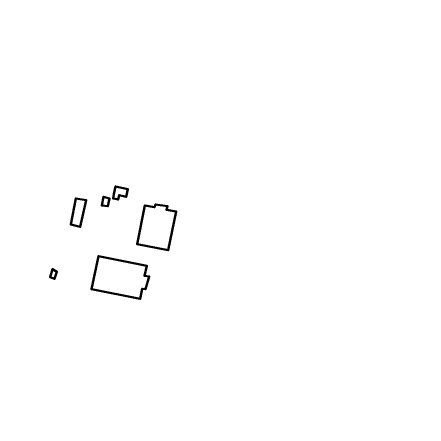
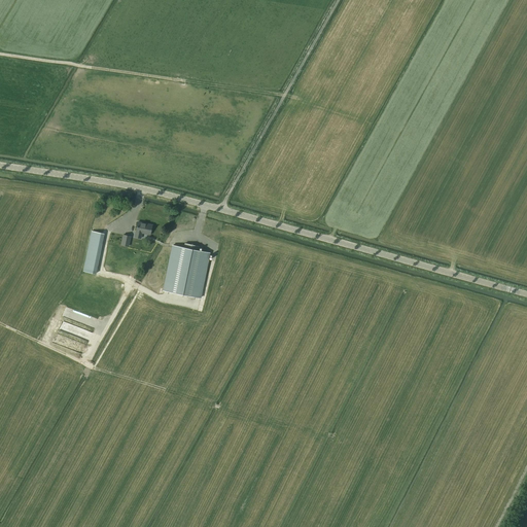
building: [92,256,149,299] -> none

